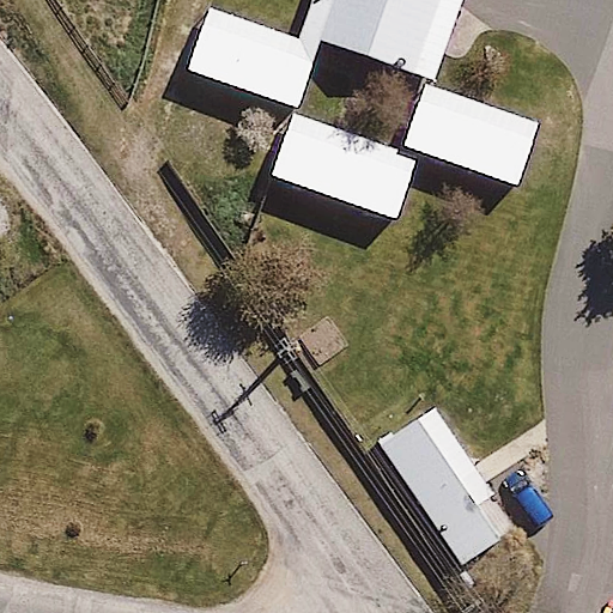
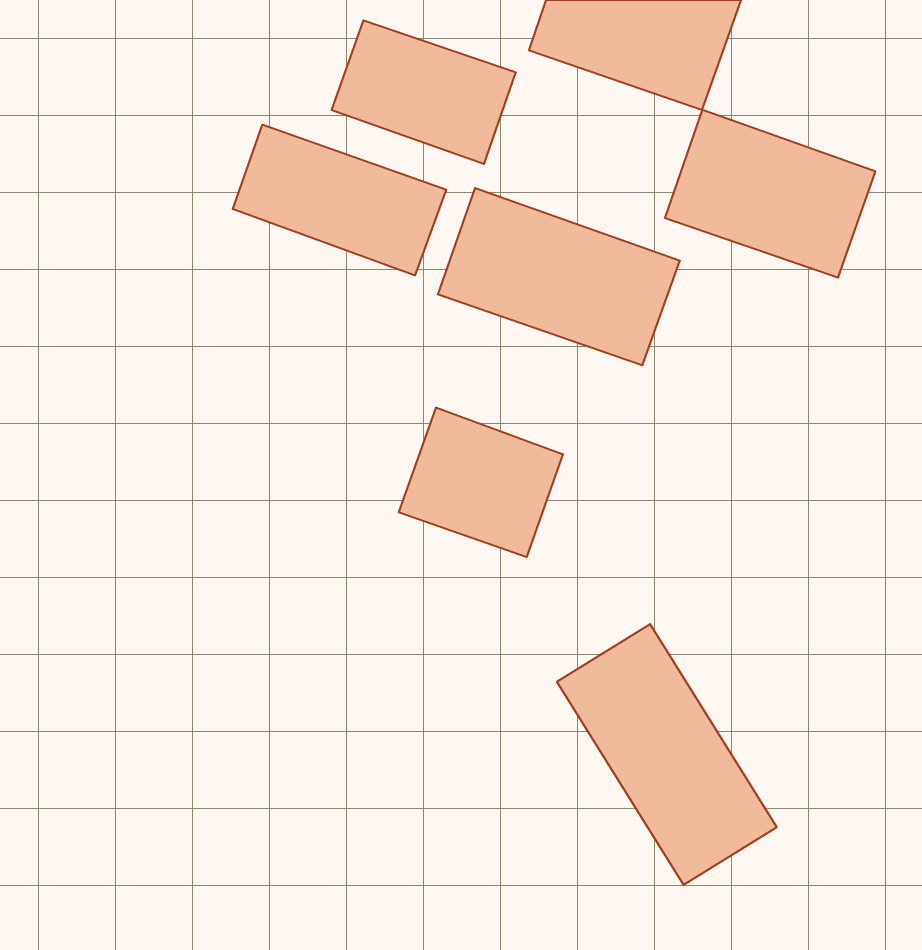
building: none -> [233,125,446,275]
building: none -> [399,408,563,557]

